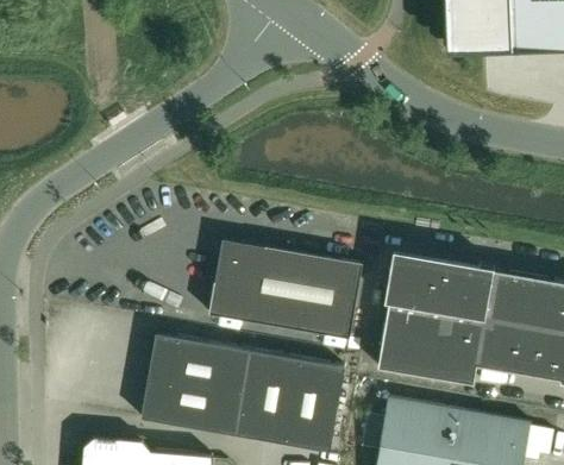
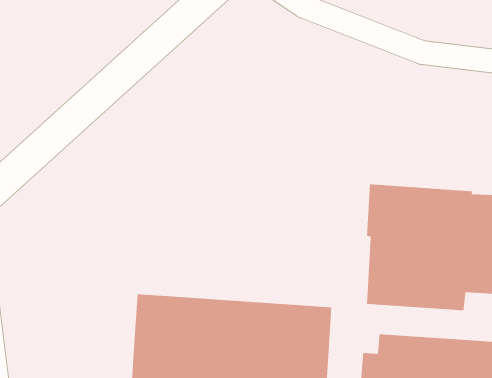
building: [209,239,363,339] -> none

